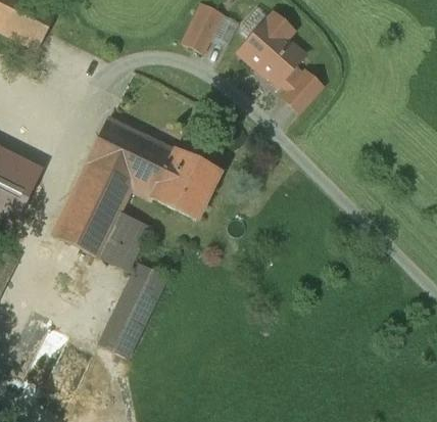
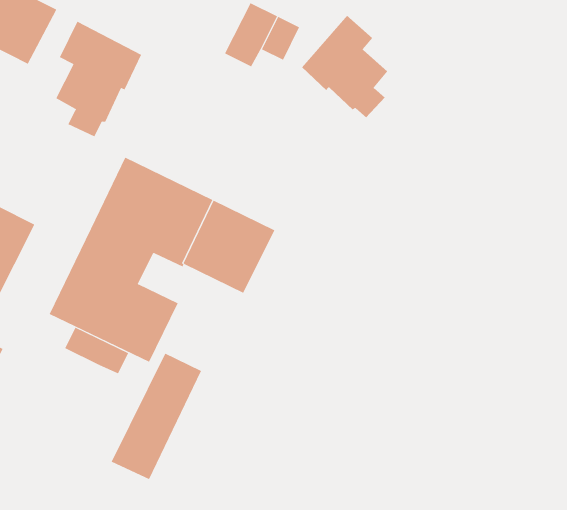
building: none -> [55,21,142,137]
building: [282,71,322,111] -> none
building: none -> [64,327,129,374]

